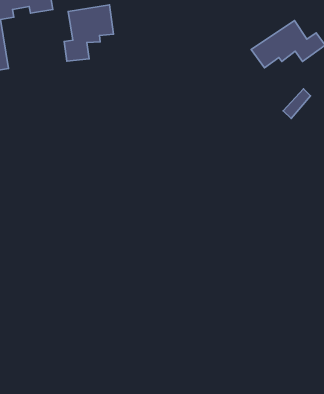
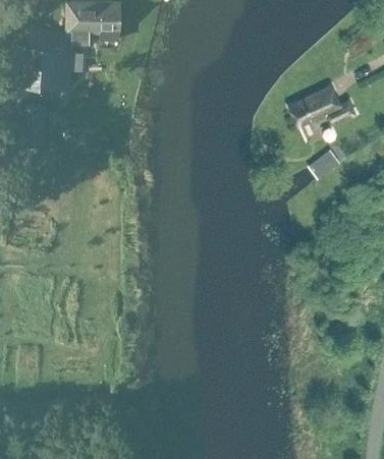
building: [64,5,114,61] -> none

